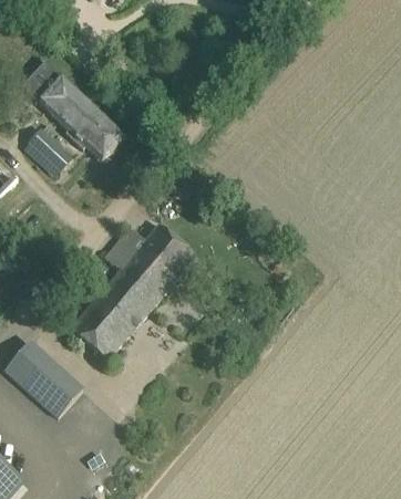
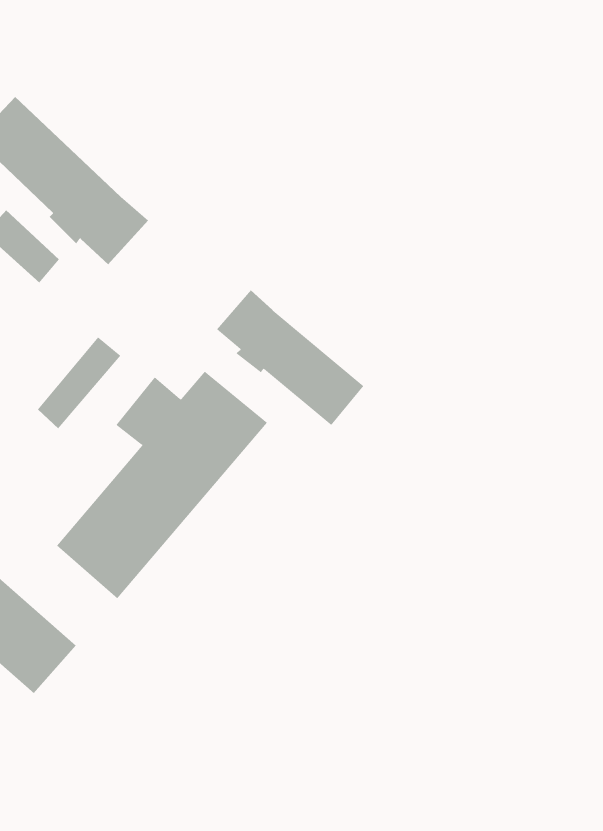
building: none -> [216,289,364,426]
building: none -> [37,336,121,429]

